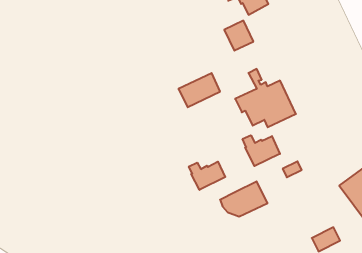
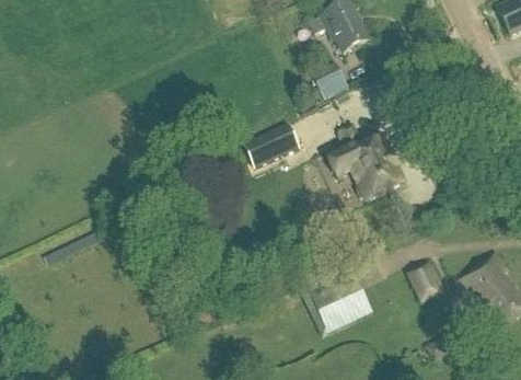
building: [243,135,280,166] -> none
building: [189,162,225,190] -> none
building: none -> [406,260,443,300]

